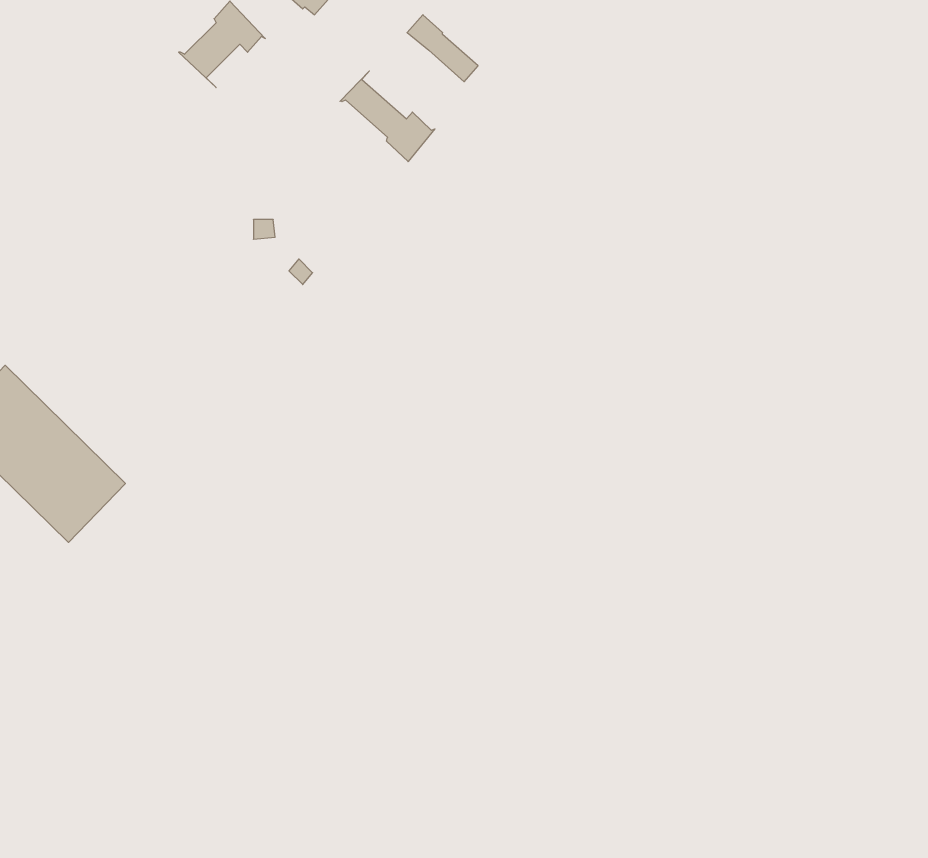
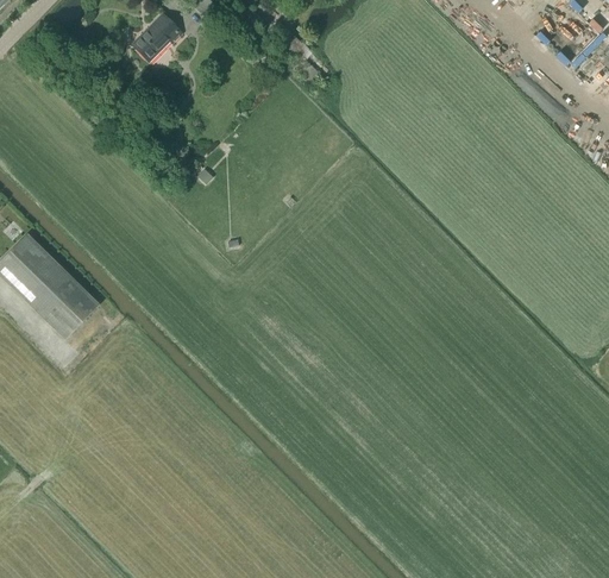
building: [340,71,435,162] -> none

